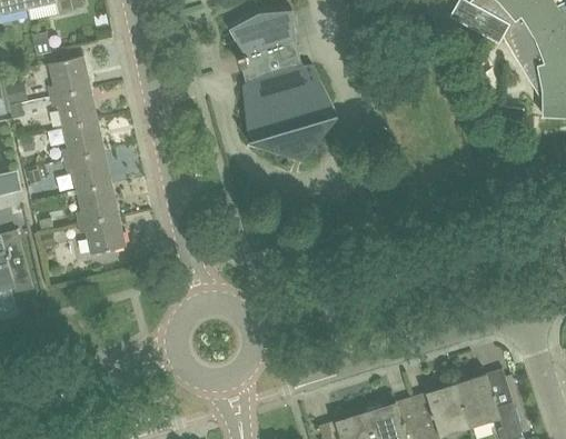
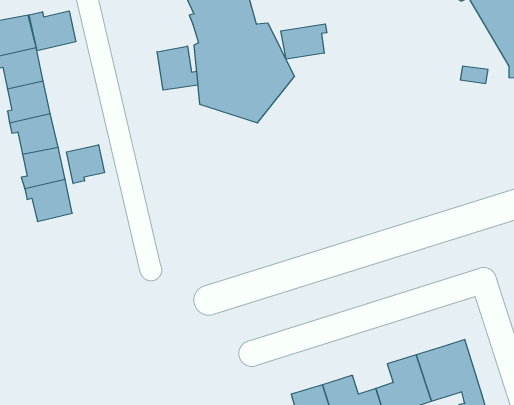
building: none -> [29,11,76,51]
building: none -> [281,24,327,59]
building: none -> [157,46,198,90]
building: none -> [67,145,104,184]

